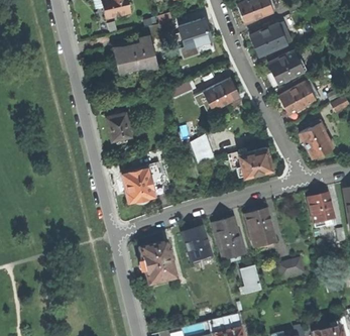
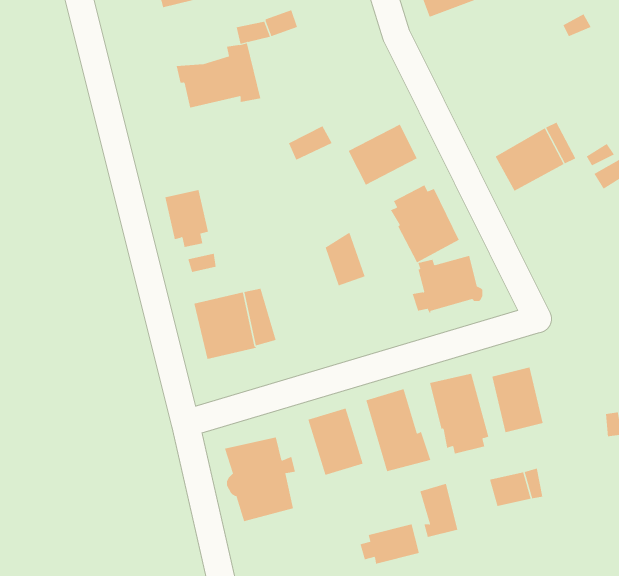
building: [180,19,211,47] -> none
building: [251,23,287,55] -> none
building: [267,50,305,87] -> none
building: none -> [390,185,459,263]
building: [300,122,333,158] -> none
building: [308,194,335,228] -> [491,367,544,433]
building: none -> [360,524,419,564]

